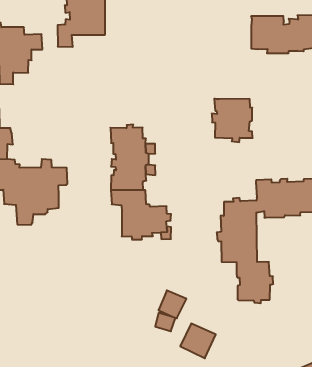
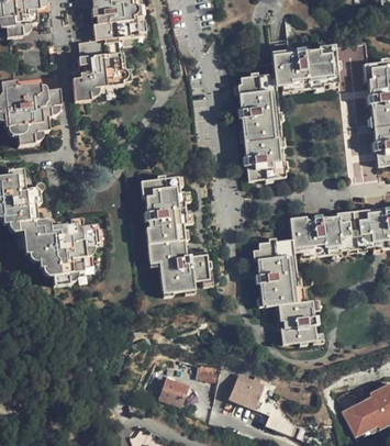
building: none -> [233,62,278,140]
building: [158,290,186,318] -> [160,378,188,405]

